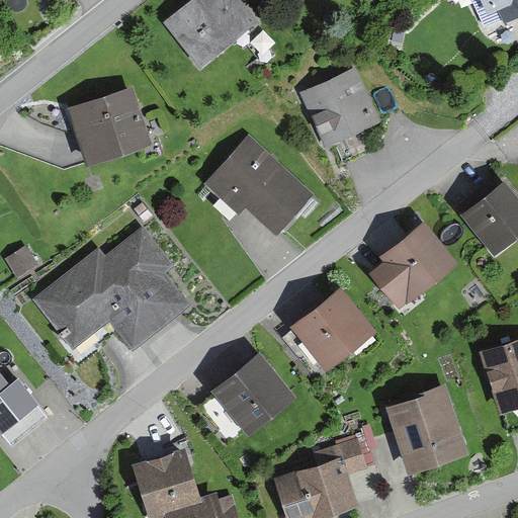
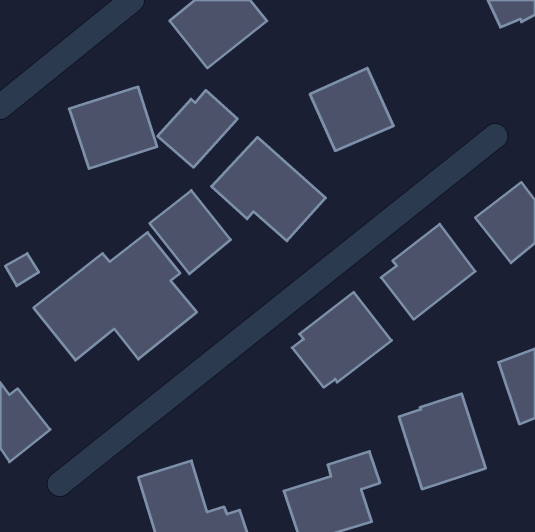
building: none -> [158,90,237,167]
building: none -> [150,190,231,274]
building: [199,351,296,445] -> none

